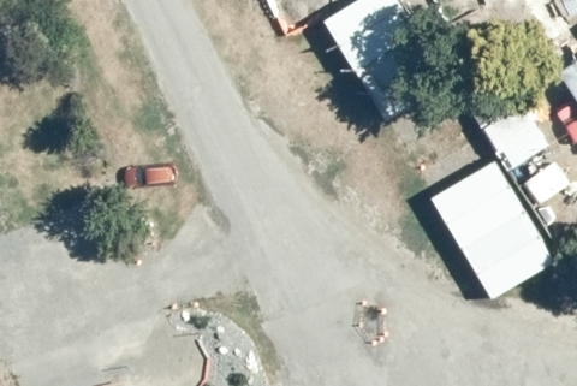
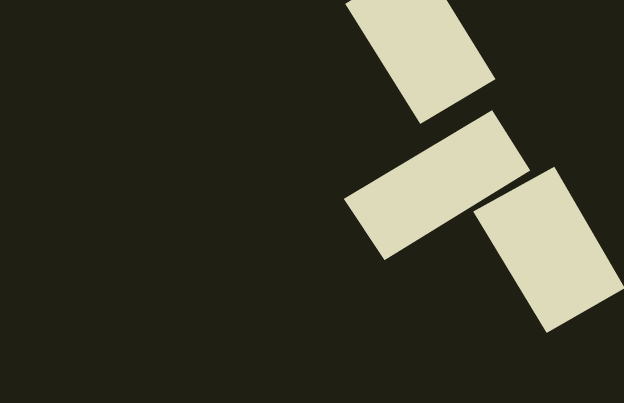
building: none -> [343,109,531,261]

